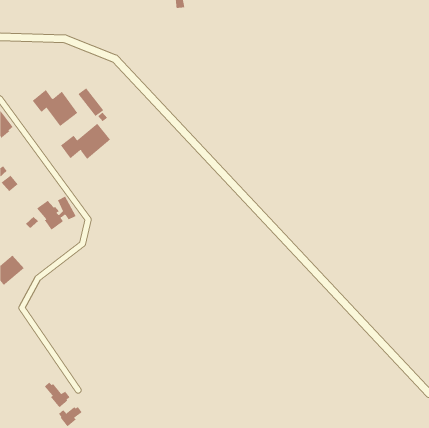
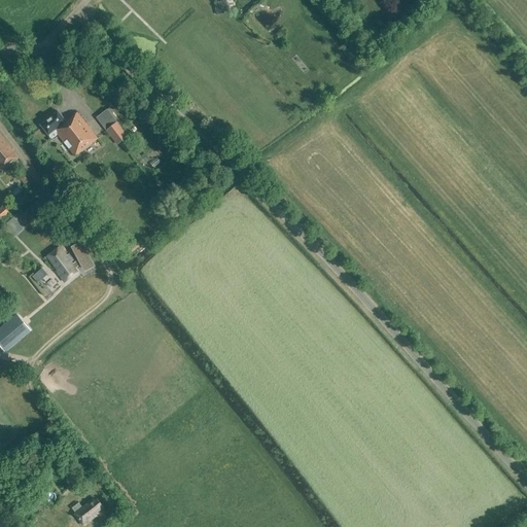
building: [60,123,111,160] -> none
building: [44,382,70,408] -> none

